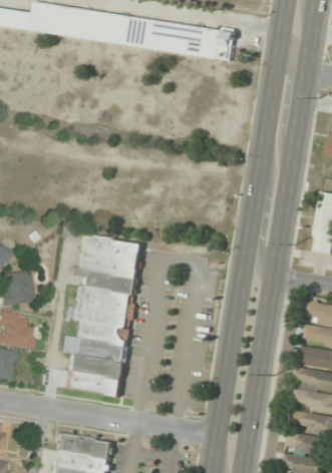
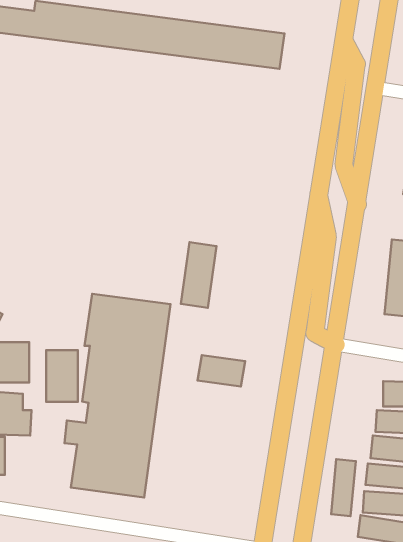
building: none -> [181,242,216,308]
building: none -> [46,350,78,402]
building: none -> [198,355,245,386]
building: none -> [331,459,356,516]

